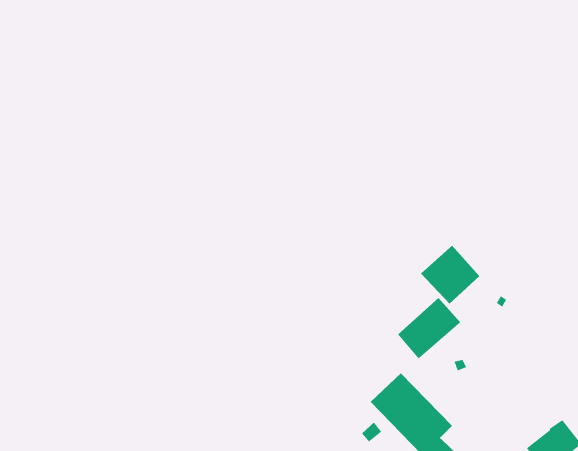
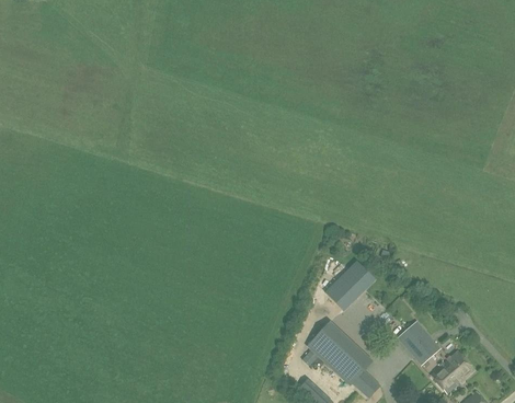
building: [420,245,480,305] -> none
building: none -> [398,321,439,364]

